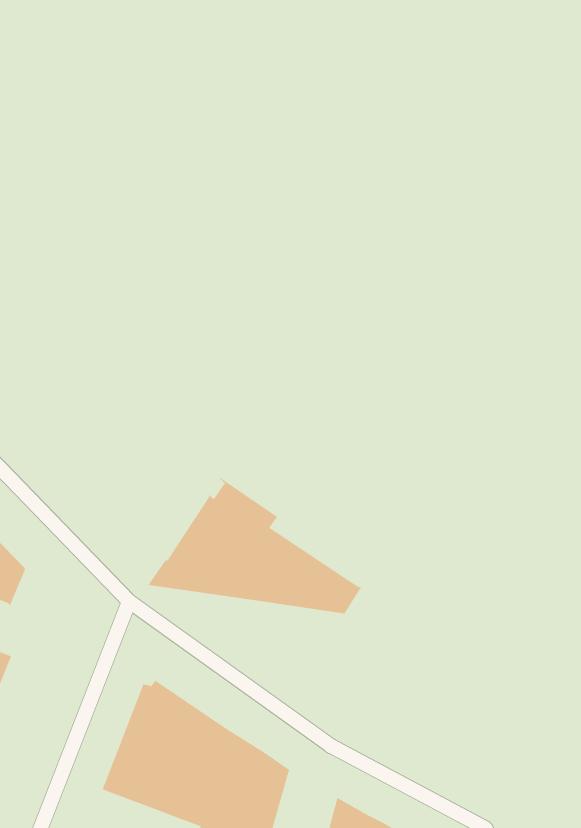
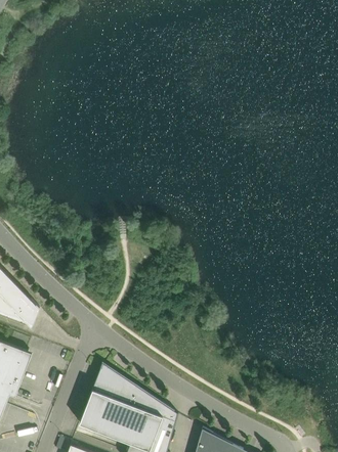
building: [147,477,362,614] -> none

